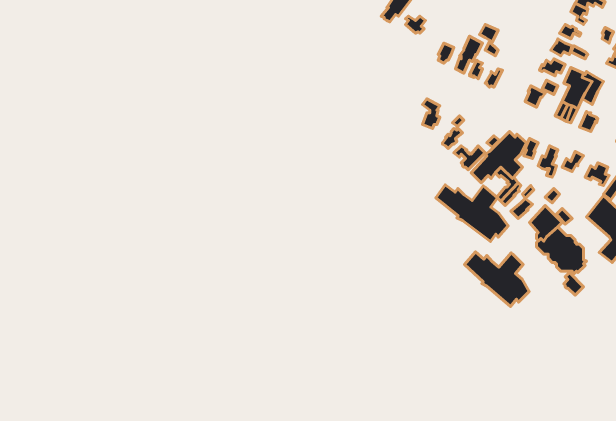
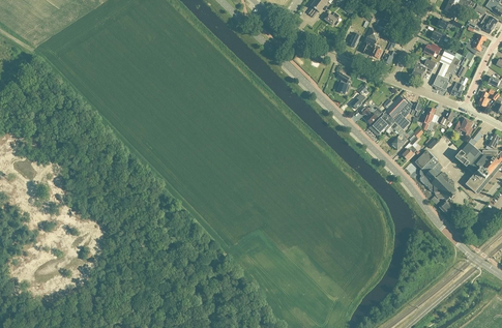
building: [436,185,508,241] -> none
building: [465,252,529,306] -> none

